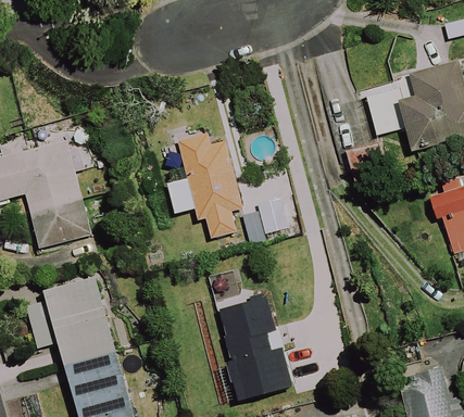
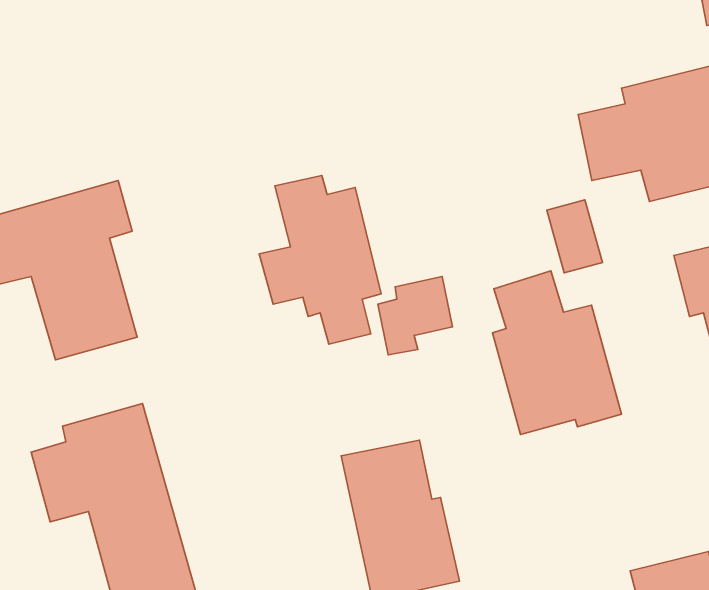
building: none -> [492,271,622,434]

